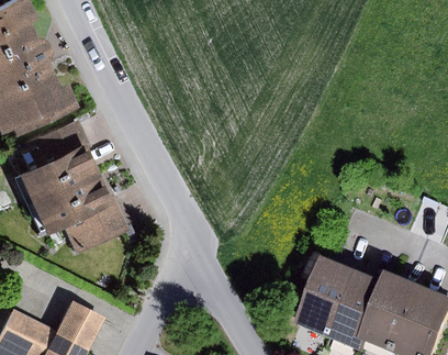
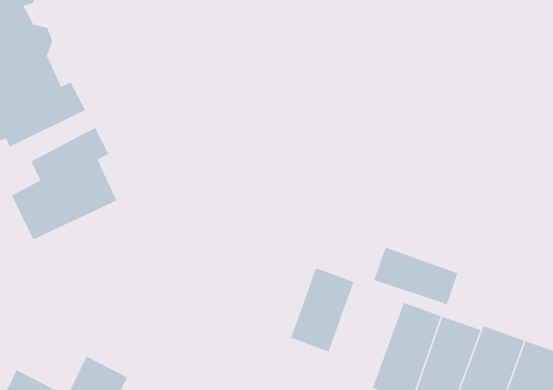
building: [27,175,131,253] -> none
building: none -> [373,247,459,306]
building: none -> [290,267,354,352]

